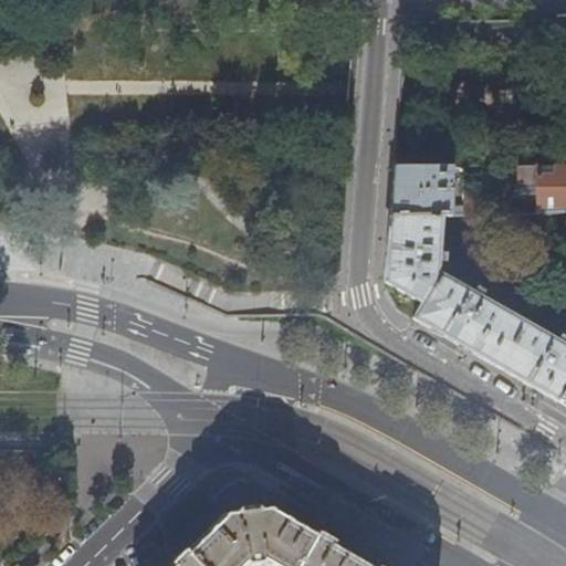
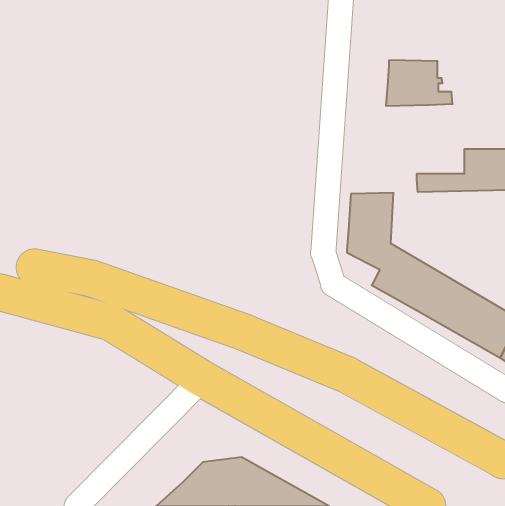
building: [394,165,468,216] -> [386,60,453,106]

